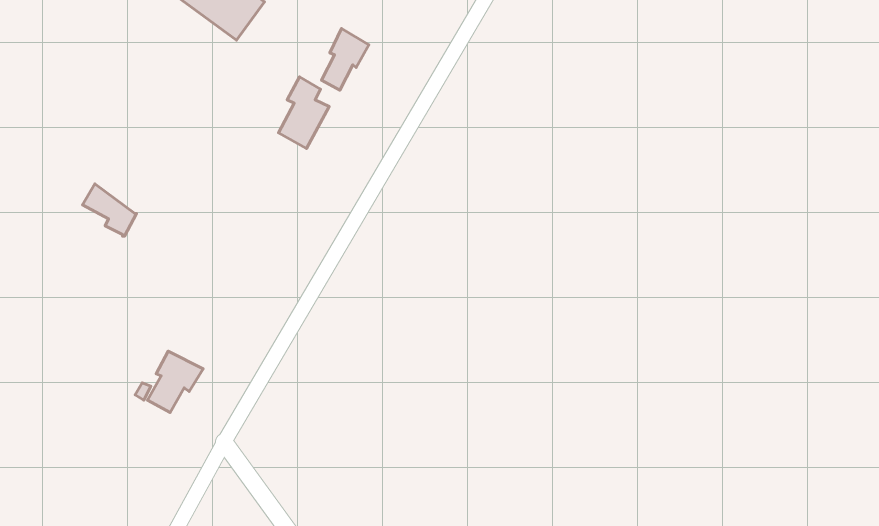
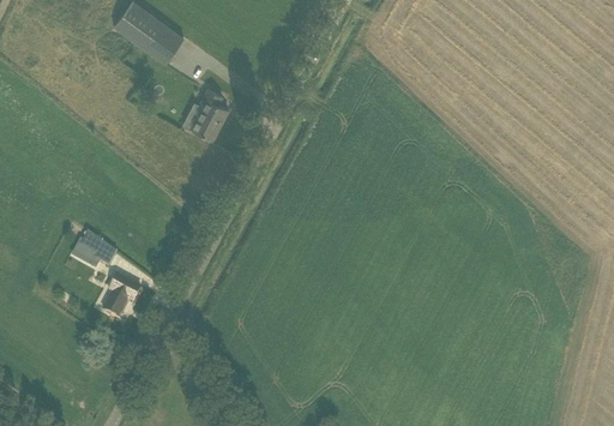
building: [321,29,369,90] -> none
building: [82,184,137,236] -> [79,229,116,265]

